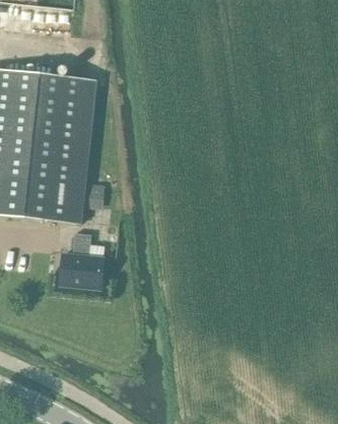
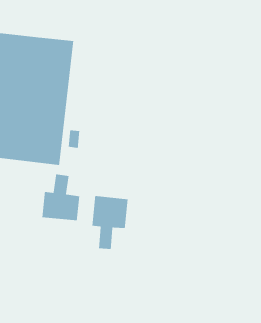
building: none -> [91,195,128,250]

